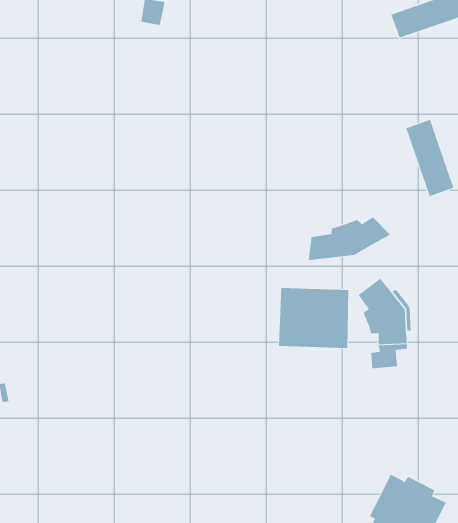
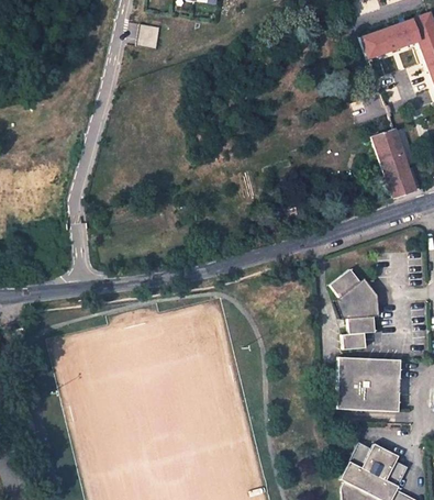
building: [308,216,391,261] -> none
building: [278,287,349,349] -> [336,357,399,411]

